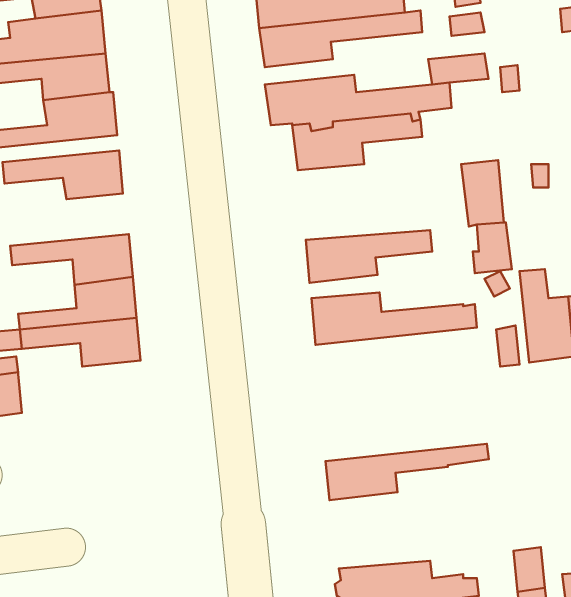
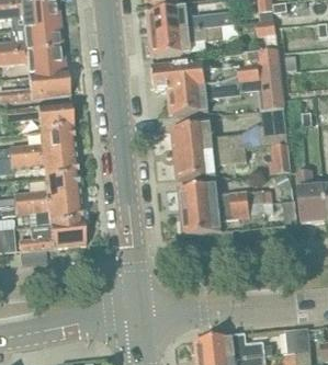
building: none -> [257,61,283,106]
building: none -> [172,123,246,152]
building: none -> [8,126,76,156]
building: none -> [18,220,84,250]
building: [326,444,489,500] -> [181,202,273,233]

